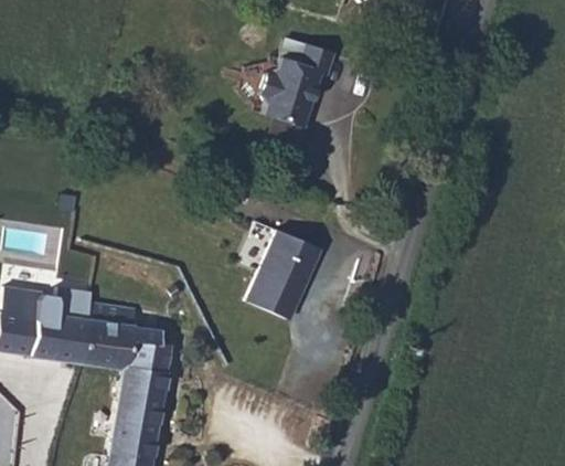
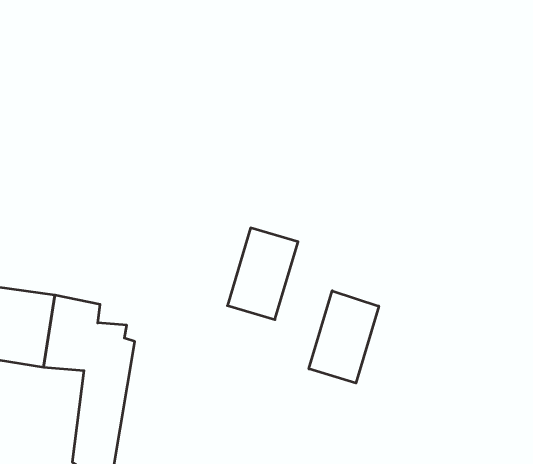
building: [258,41,330,124] -> none
building: none -> [309,291,379,383]

